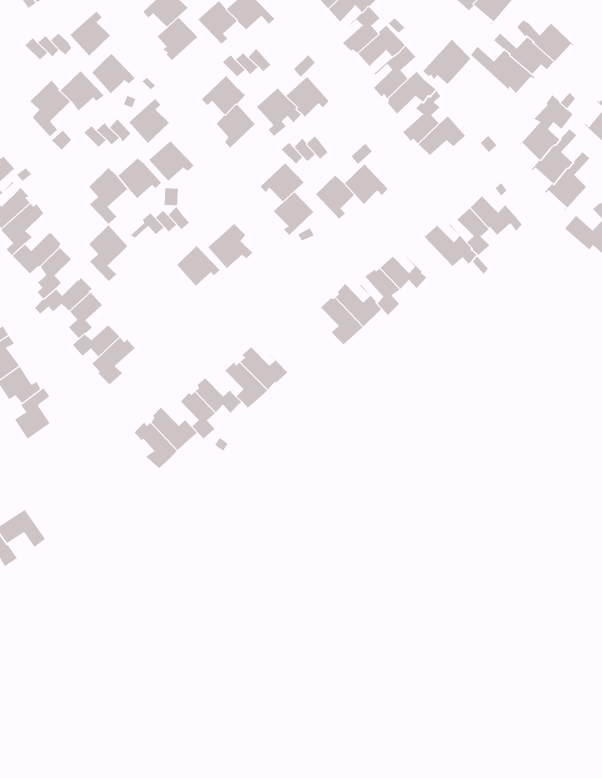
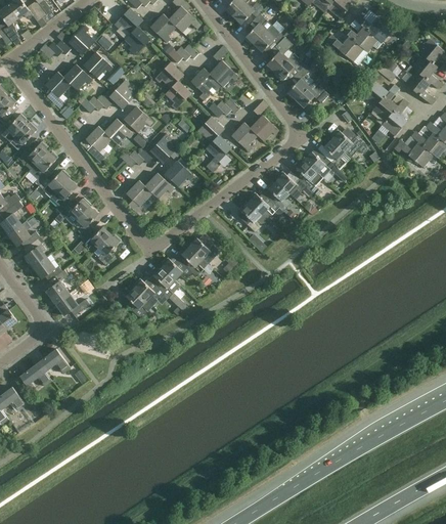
building: [422,39,471,85] -> none
building: none -> [149,133,176,163]
building: [89,224,128,282] -> [126,179,151,216]
building: none -> [296,159,322,195]
building: none -> [54,292,89,315]

